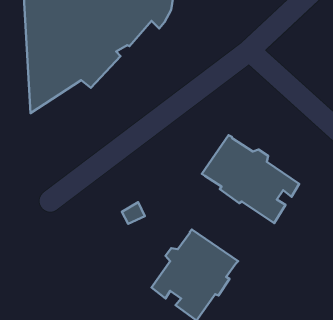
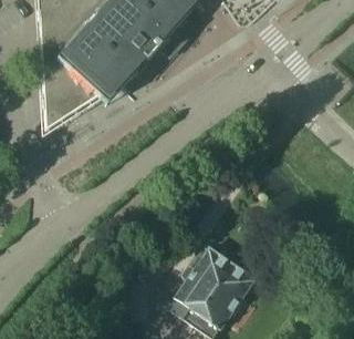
building: [202,135,299,223] -> none

